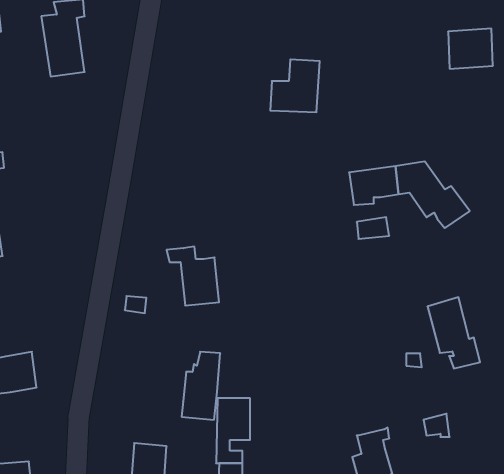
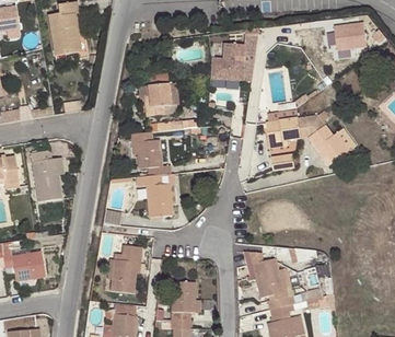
building: none -> [144,84,171,115]
building: none -> [131,132,171,176]
building: none -> [32,149,62,200]
building: [427,297,480,368] -> [253,258,290,309]
building: [182,352,220,420] -> [111,245,138,293]

